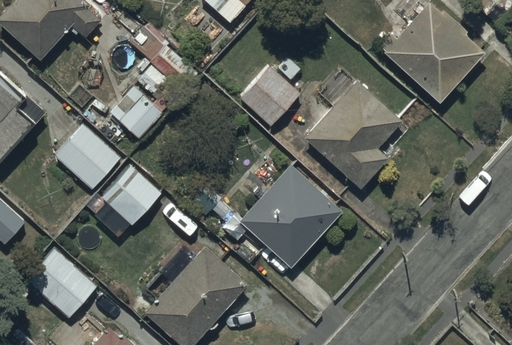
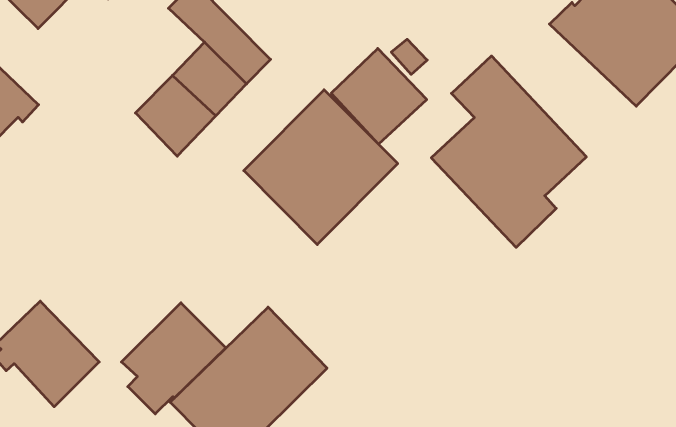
building: [55,123,120,187] -> none
building: [240,161,341,263] -> [244,90,398,245]
building: [96,171,164,245] -> [121,303,226,414]

